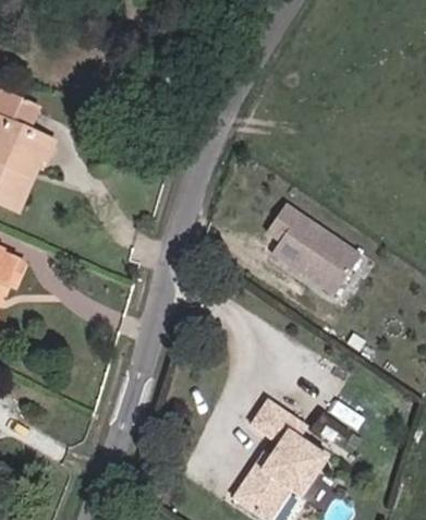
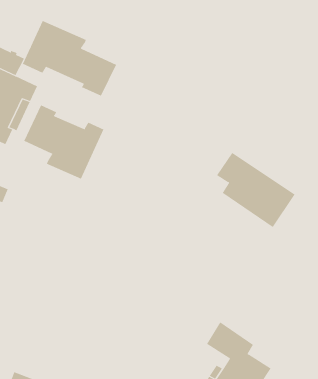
building: none -> [22,20,117,97]
building: none -> [23,105,104,179]

